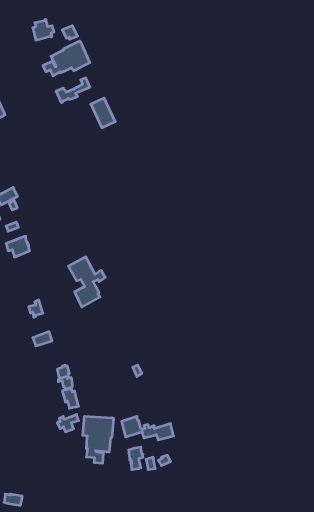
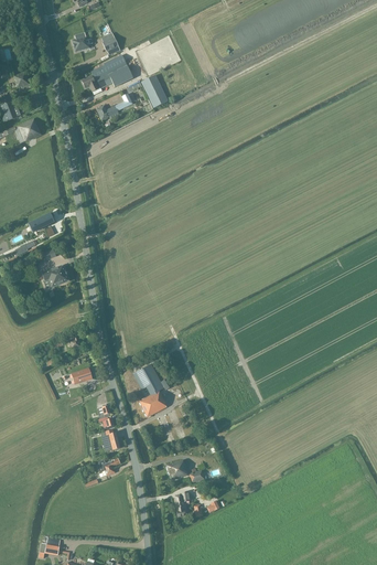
building: [91,98,115,128] -> [141,75,168,107]
building: [68,257,105,307] -> [132,363,172,417]
building: [83,416,114,463] -> none

